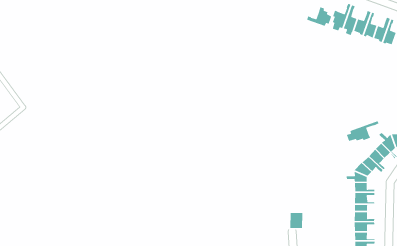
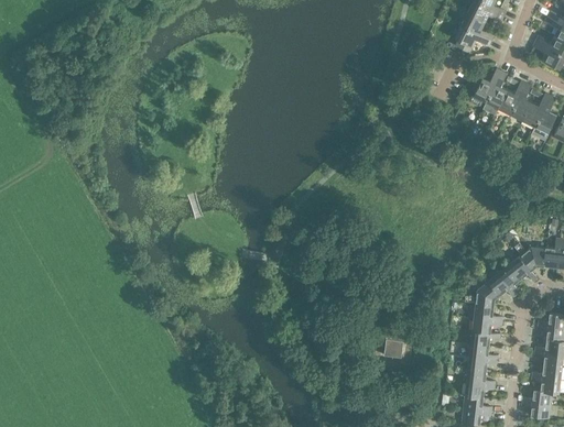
building: [306,6,332,27] -> none
building: [346,120,379,142] -> none

